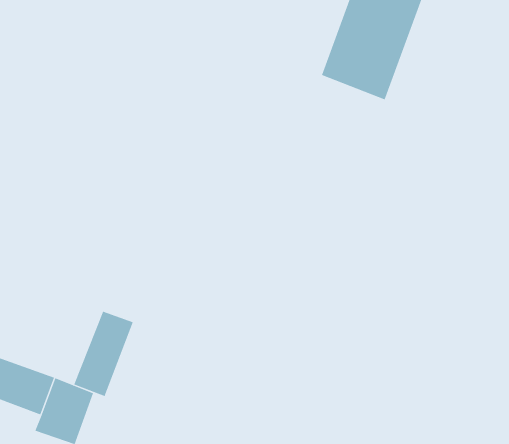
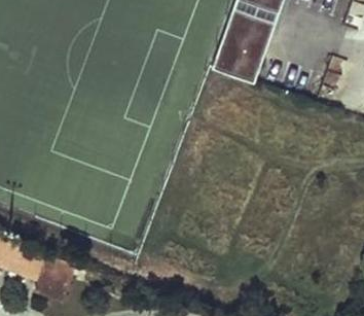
building: [73,311,133,397] -> none

